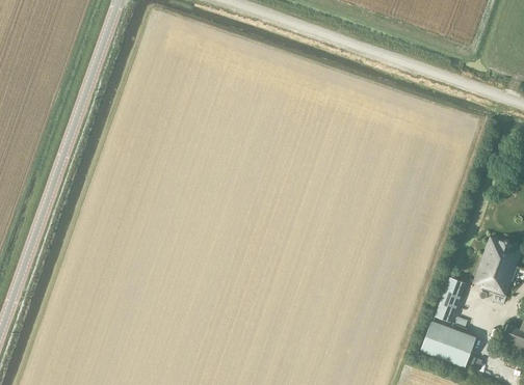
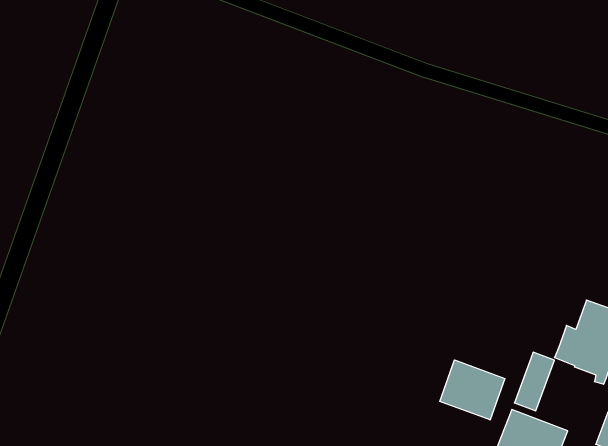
building: none -> [440,360,505,420]

